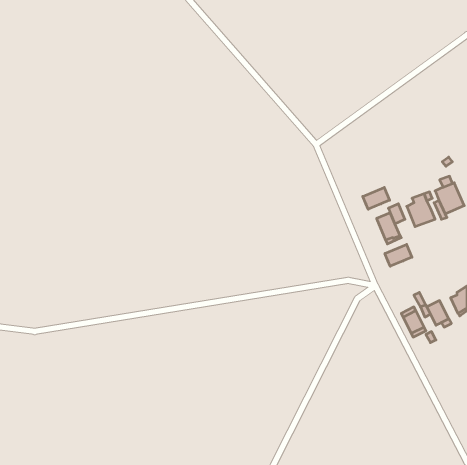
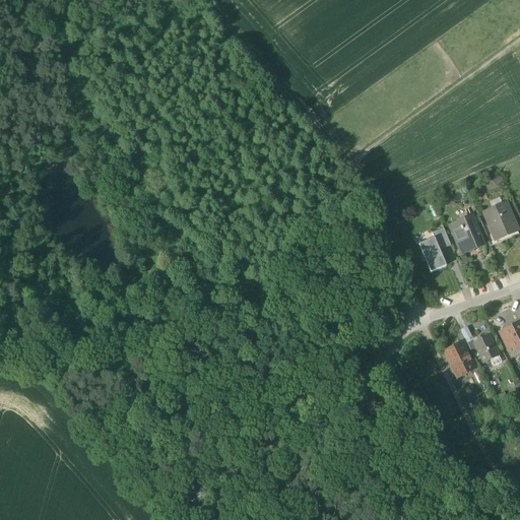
building: [363,187,390,209] -> none
building: [385,244,412,266] -> none

